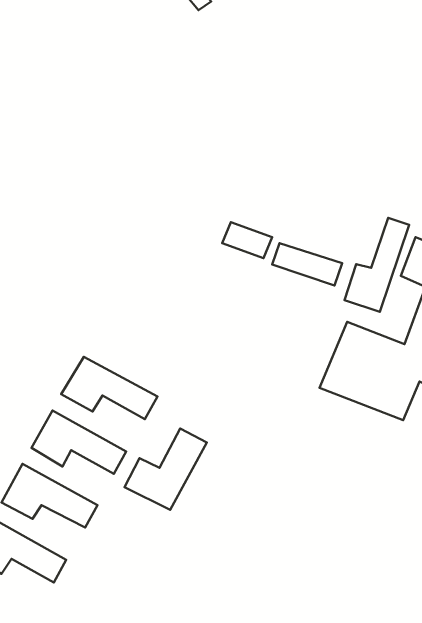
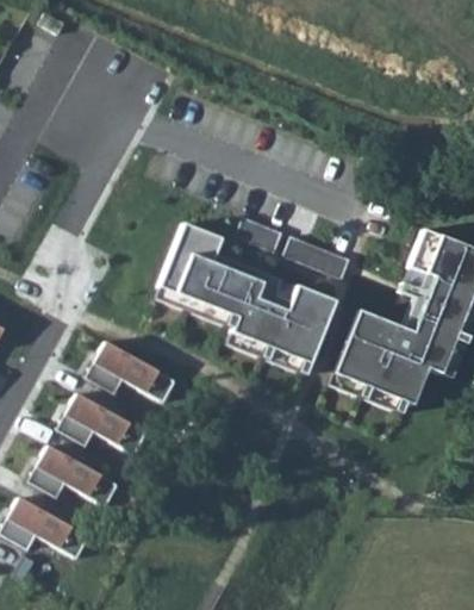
building: [344,218,409,312] -> none
building: none -> [158,223,332,363]
building: [124,428,207,510] -> none

